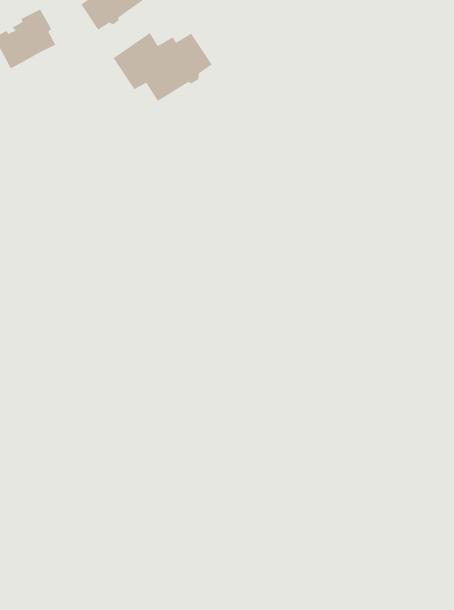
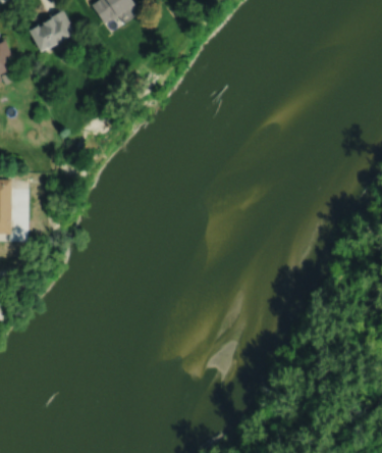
building: [113,32,212,102] -> none

